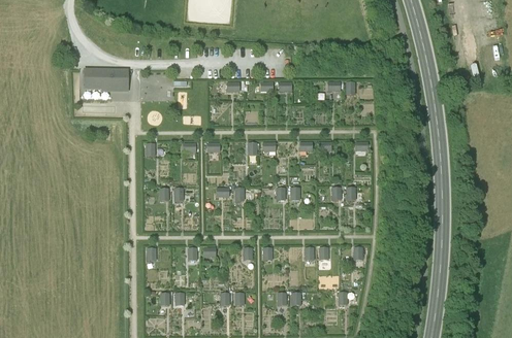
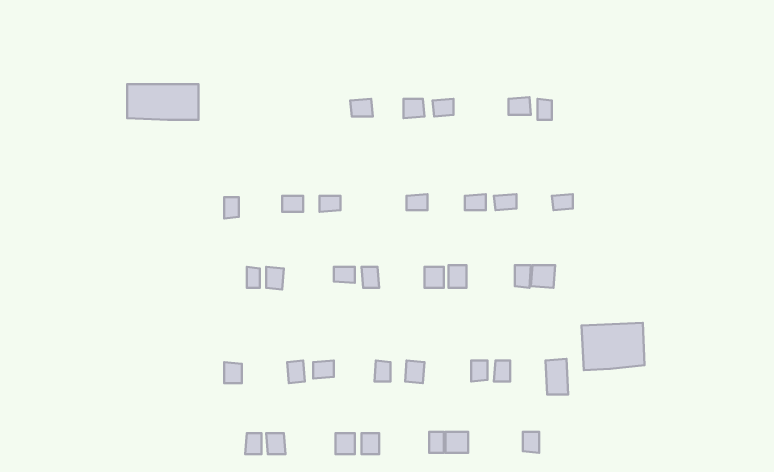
building: none -> [582,323,645,370]

